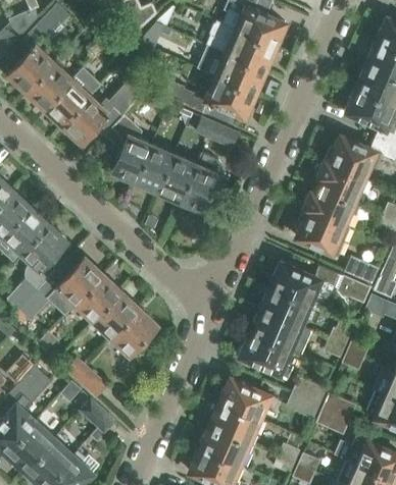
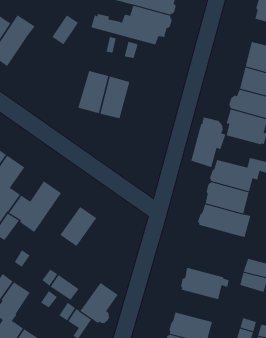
building: [62,93,114,142] -> none
building: [103,113,152,181] -> none
building: [205,120,239,148] -> none
building: [180,154,224,212] -> [191,117,226,168]
building: [75,274,120,320] -> none
building: [110,308,156,355] -> [80,282,118,324]
building: [240,332,292,376] -> none
building: [209,401,260,442] -> none

